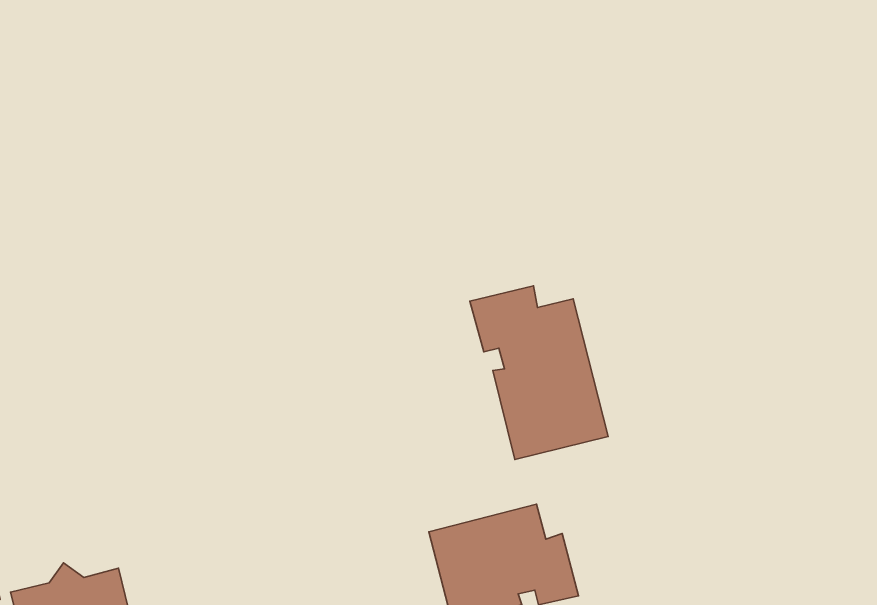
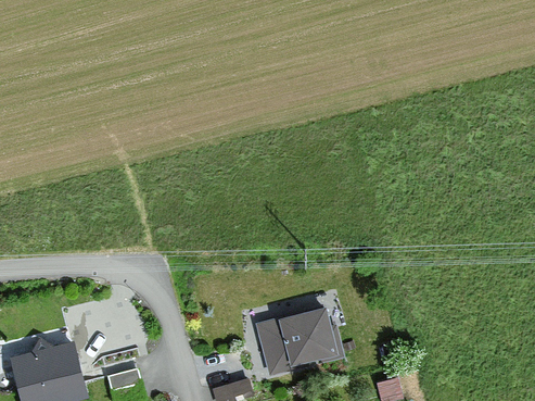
building: [470,286,608,460] -> none

